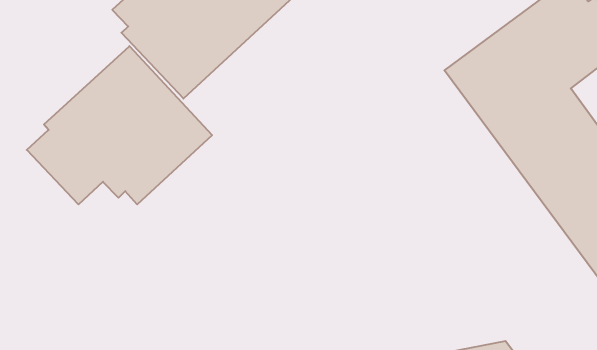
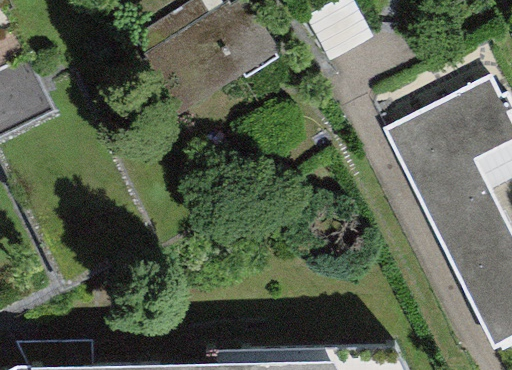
building: [27,46,212,204] -> none

